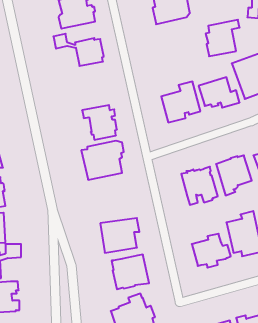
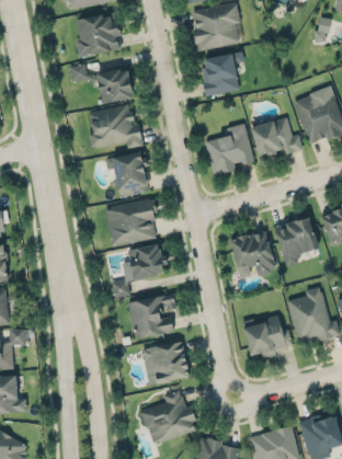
building: [206,20,240,56] -> [202,50,244,96]
building: none -> [89,104,144,148]
building: none -> [112,242,168,297]

